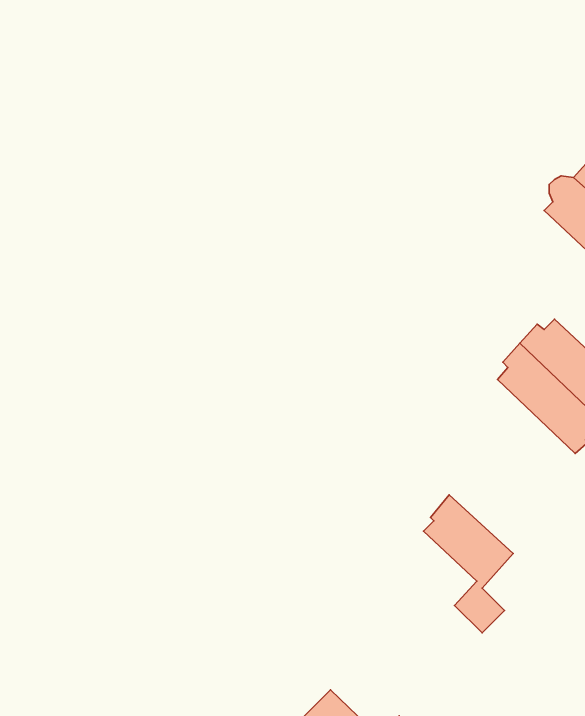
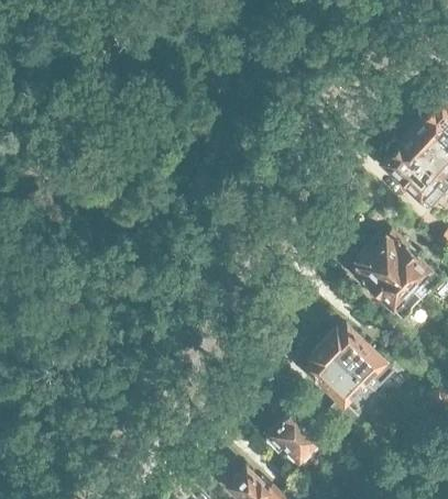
building: none -> [323,328,393,390]
building: none -> [269,408,323,462]

